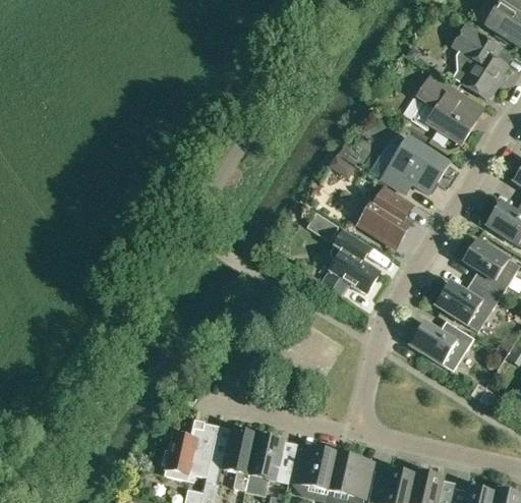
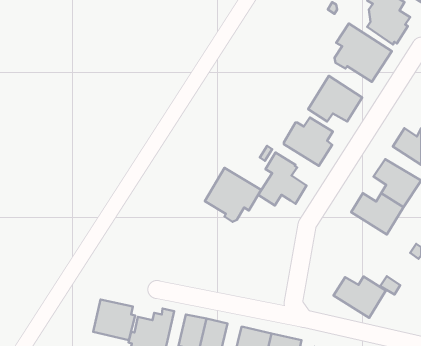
building: none -> [205,168,261,222]
building: [409,320,473,371] -> [334,276,386,318]
building: none -> [93,299,135,340]

